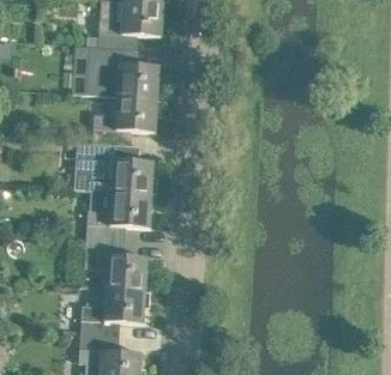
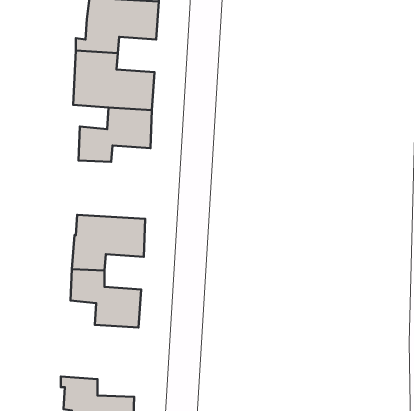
building: [74,143,154,195] -> none
building: [65,289,145,337] -> none

